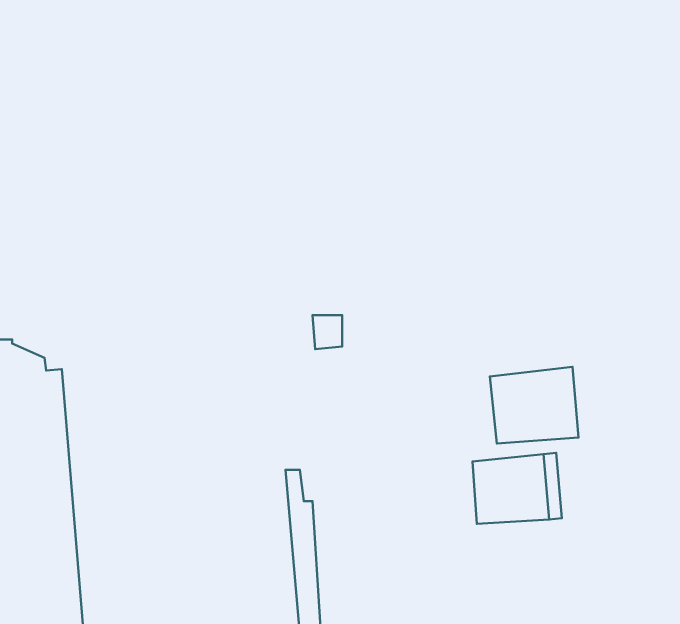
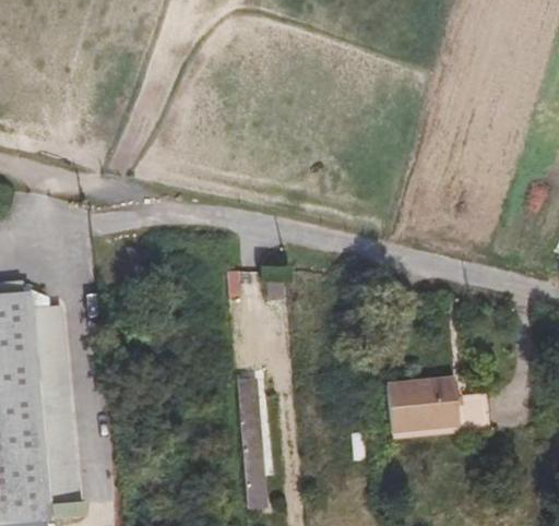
building: [490,367,579,444] -> none

